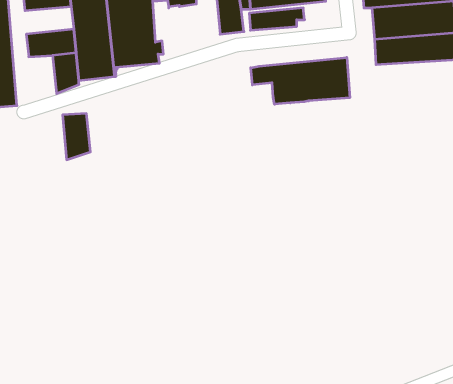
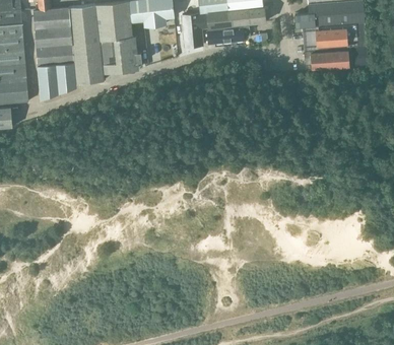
building: none -> [35,26,72,48]
building: [251,57,350,104] -> none
building: [63,114,90,160] -> [38,64,59,99]

